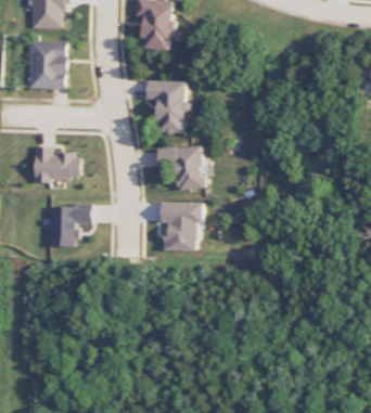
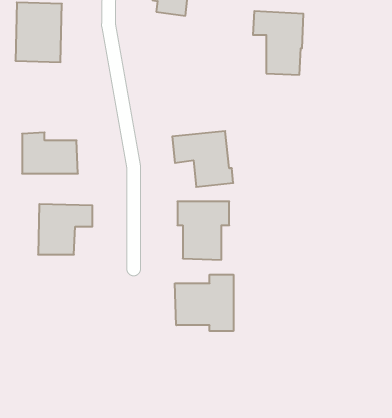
building: [145,80,187,132] -> [253,11,303,75]
building: none -> [175,275,233,331]

